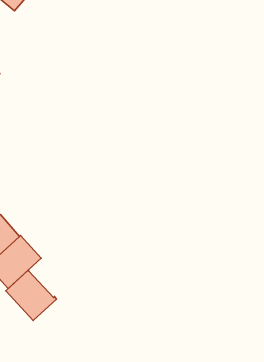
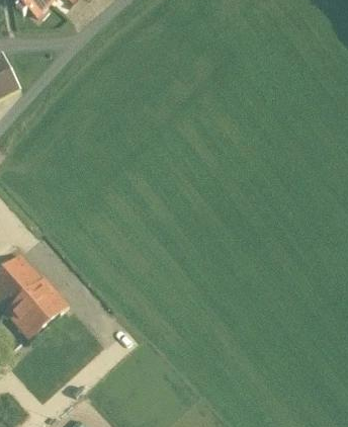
building: [6,270,57,320] -> none

